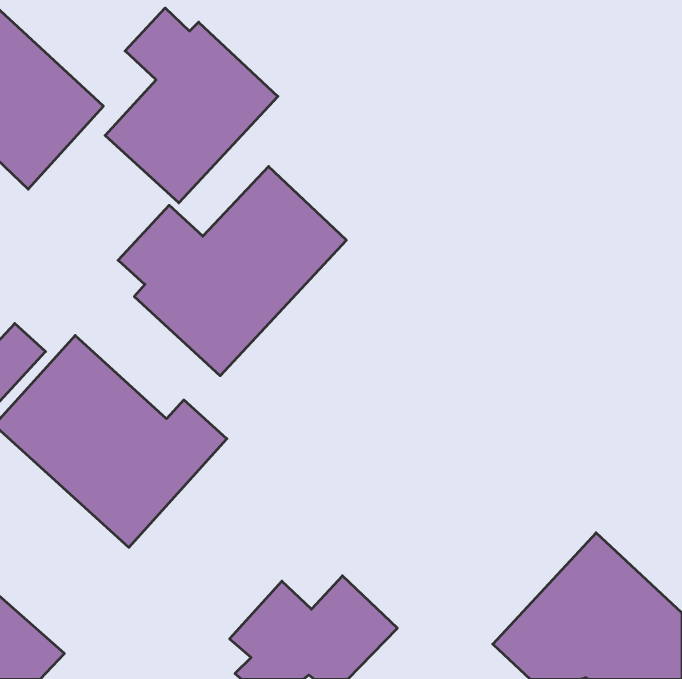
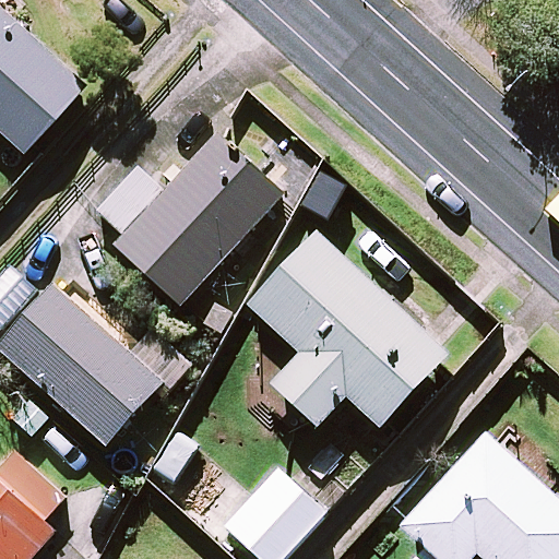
building: [105,8,278,203] -> none
building: none -> [248,233,444,426]

